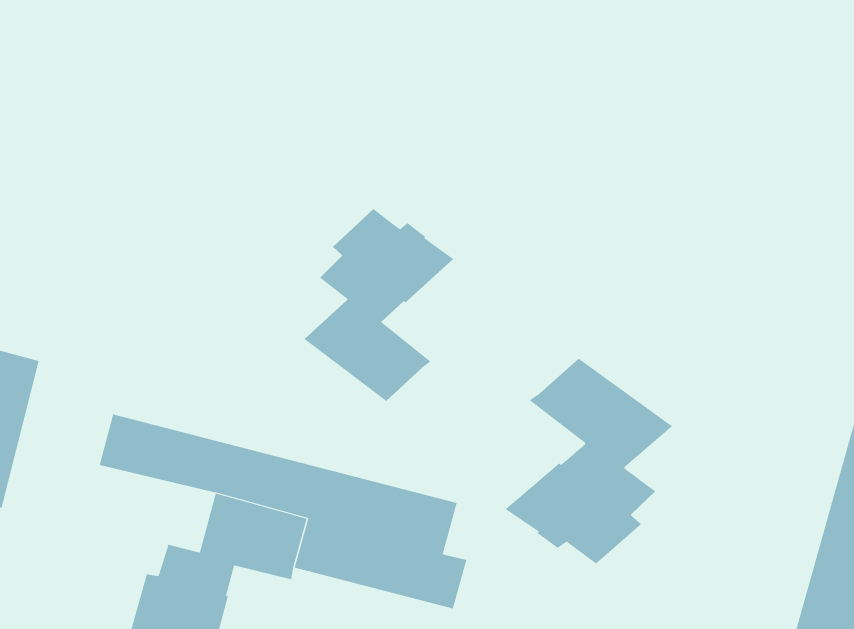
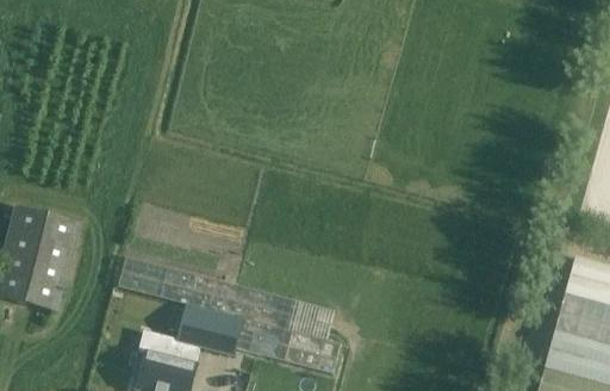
building: [303,208,454,402] -> none
building: [505,358,673,565] -> none

